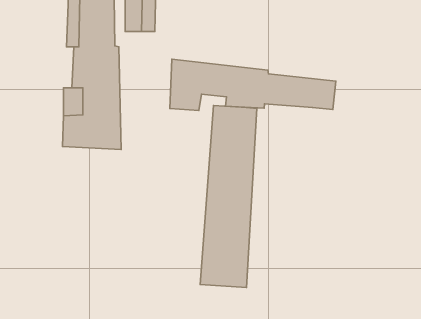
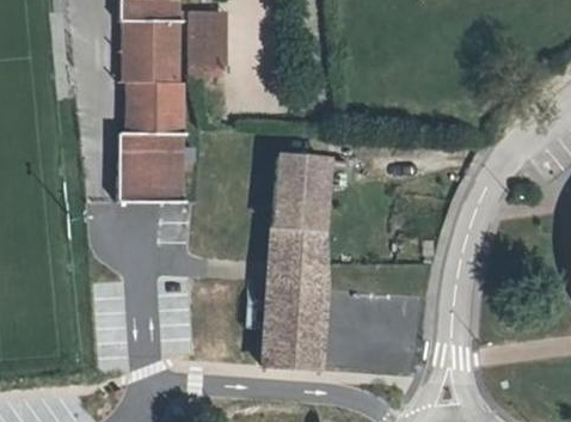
building: [170,59,336,111] -> none

